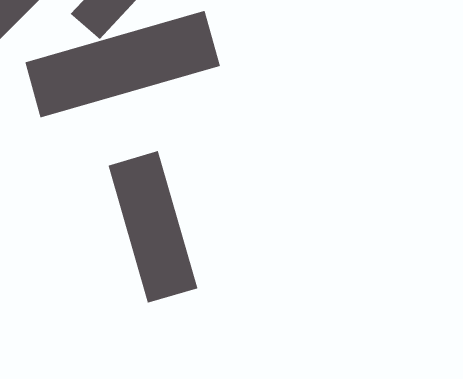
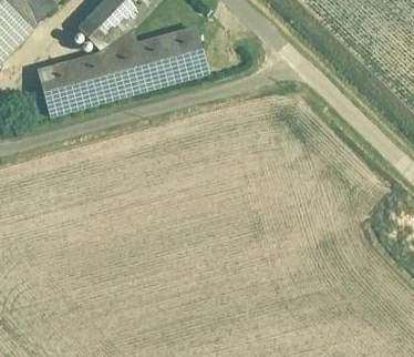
building: [108,150,198,304] -> none

